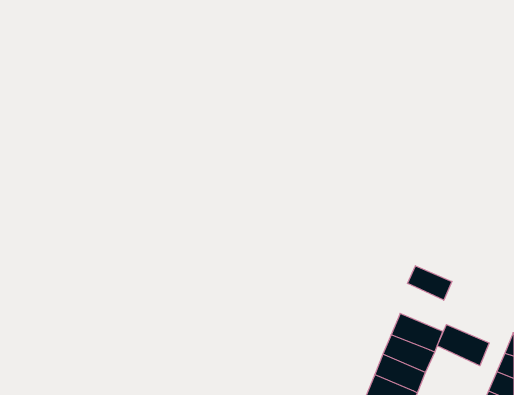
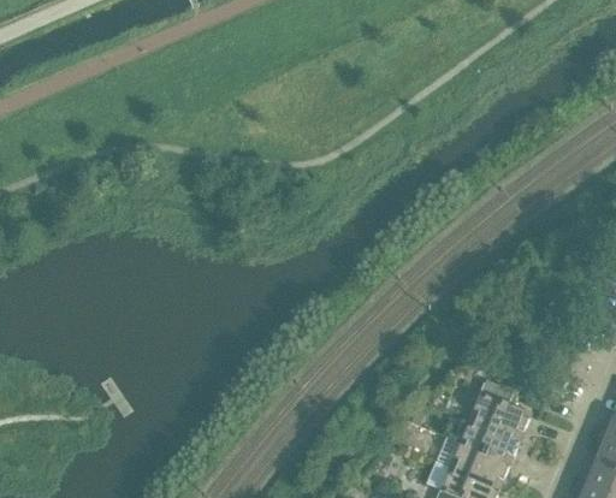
building: [407,266,452,300] -> none
building: [437,325,489,366] -> none

